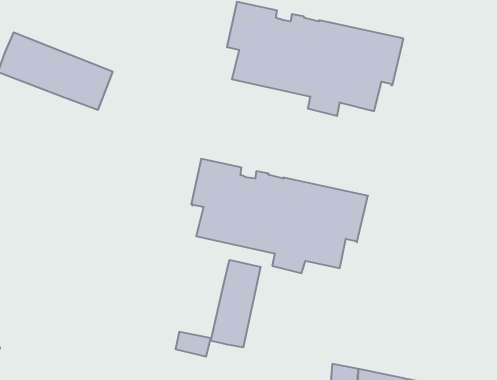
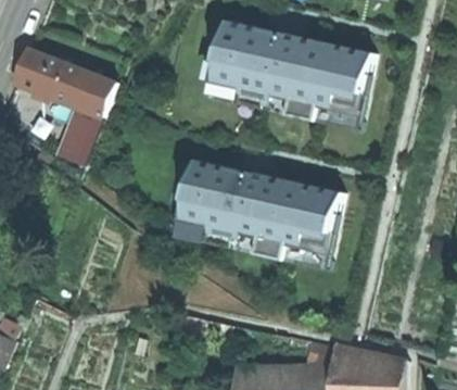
building: none -> [53,105,102,166]
building: [211,260,261,347] -> none

